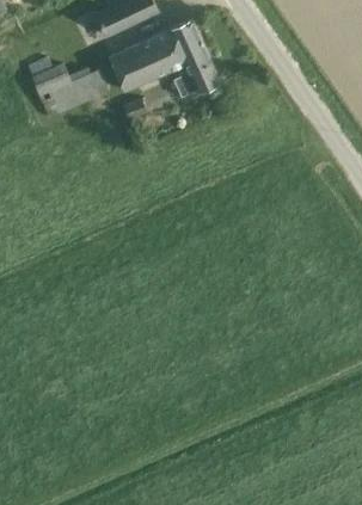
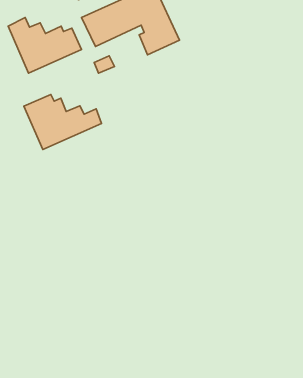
building: none -> [24,95,101,149]

